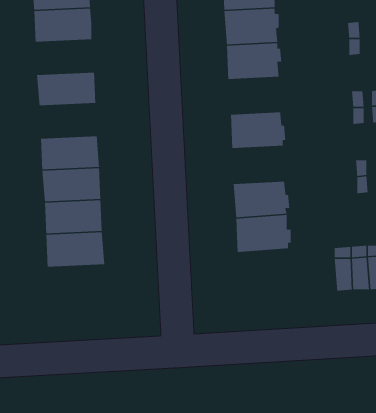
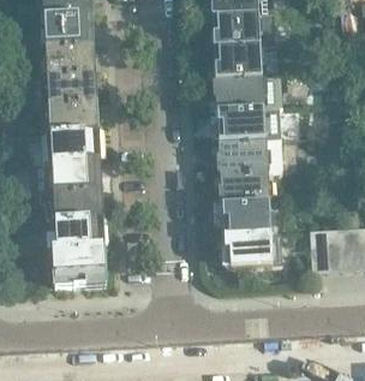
building: none -> [41,38,95,70]
building: none -> [215,72,265,106]
building: none -> [44,96,97,127]
building: none -> [219,135,270,168]
building: none -> [223,227,275,264]
building: none -> [52,242,106,281]

